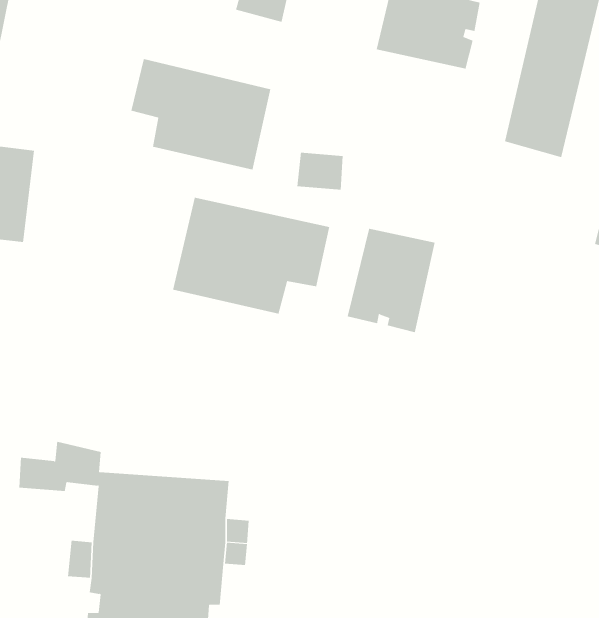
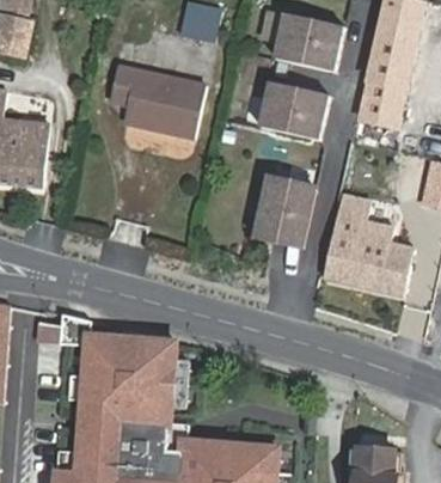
building: none -> [257,80,327,137]
building: [172,197,330,314] -> none
building: none -> [323,215,411,298]

